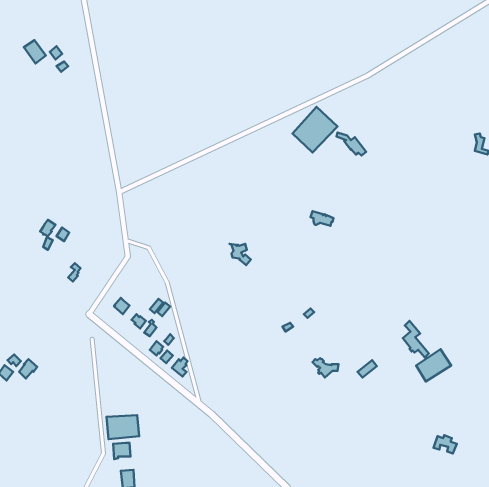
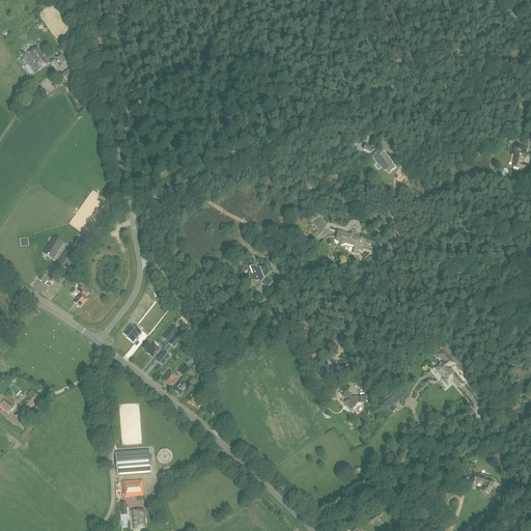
building: [292,107,337,153] -> none
building: [416,349,451,381] -> none

